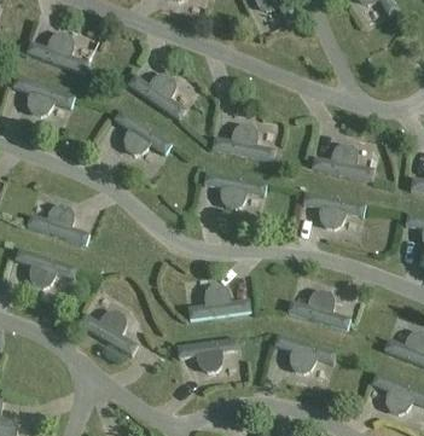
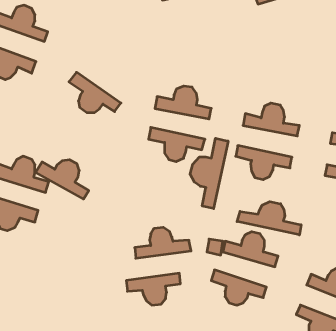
building: [127,74,185,120] -> none
building: none -> [190,138,228,209]
building: none -> [237,202,301,235]
building: [77,310,138,355] -> [36,160,89,199]

